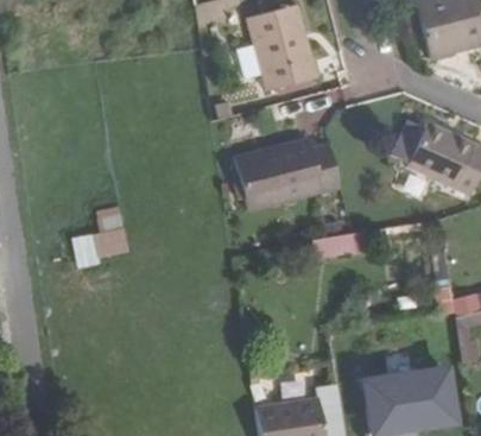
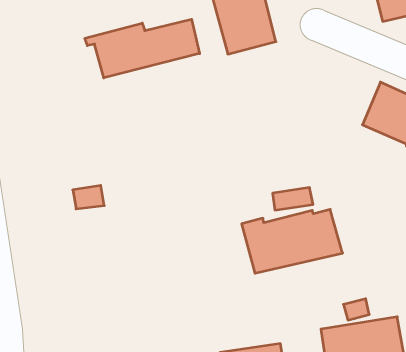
building: none -> [85,19,200,78]
building: [233,141,340,209] -> [242,209,343,273]

